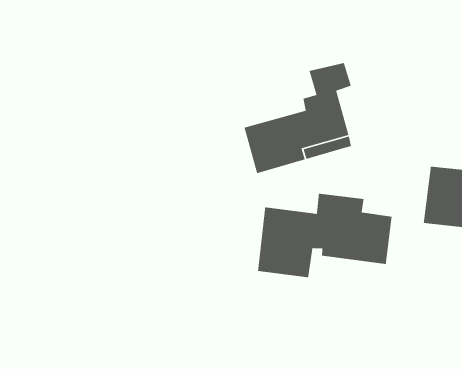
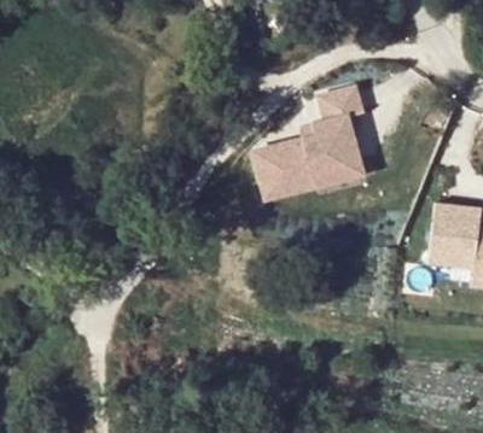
building: [257,193,392,278] -> none

